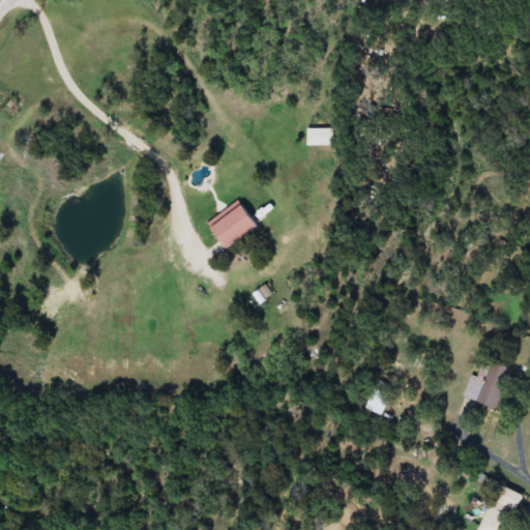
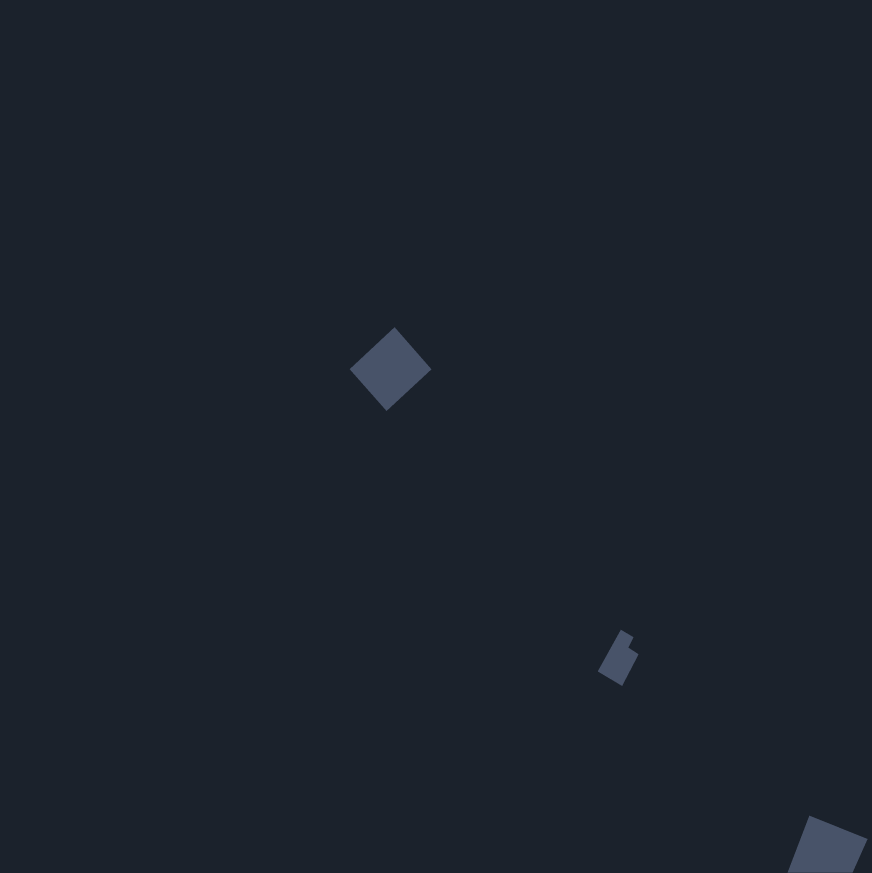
building: [307,128,334,147] -> none
building: [462,360,510,410] -> none

